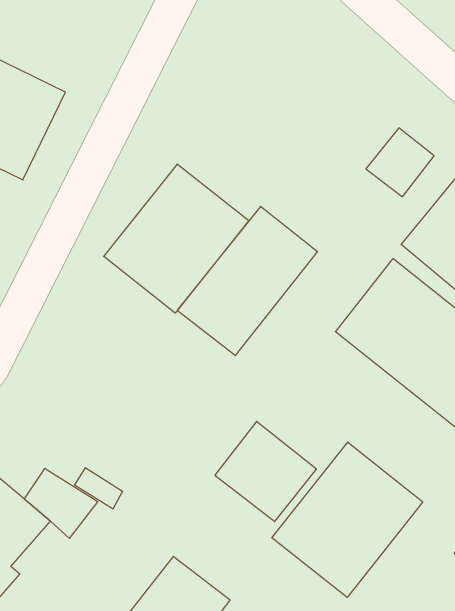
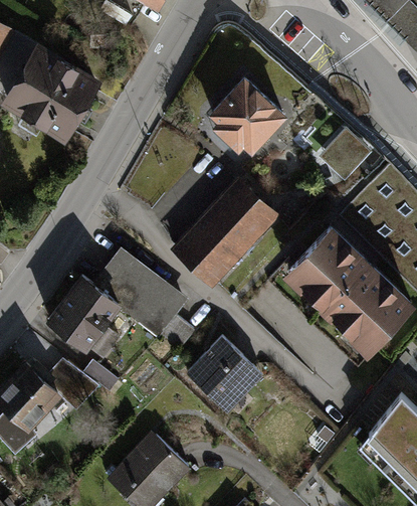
building: none -> [215,79,284,149]
building: [104,164,249,313] -> none
building: none -> [46,249,196,353]
building: [272,442,423,597] -> none

